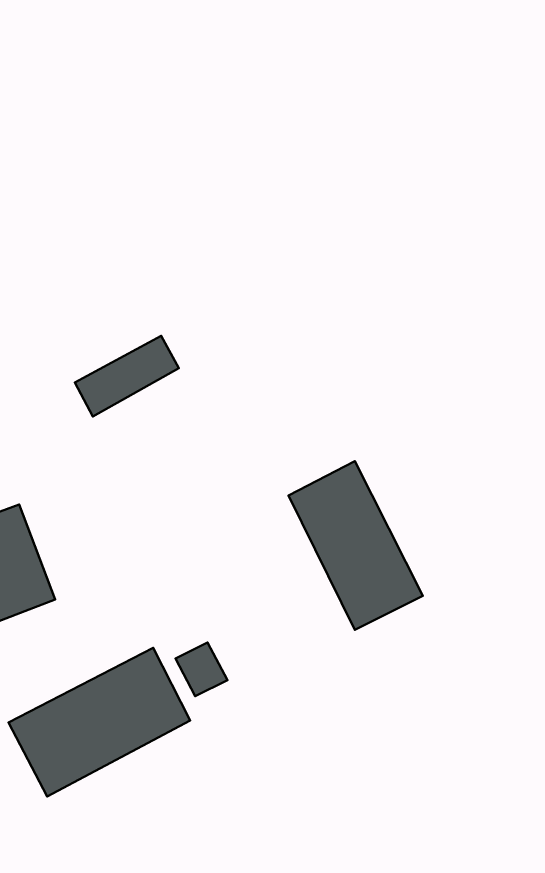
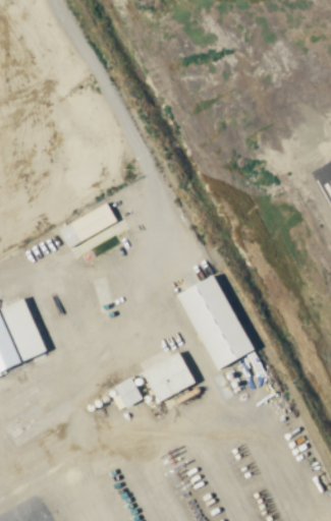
building: none -> [143,352,197,403]
building: [9,648,190,796] -> none

